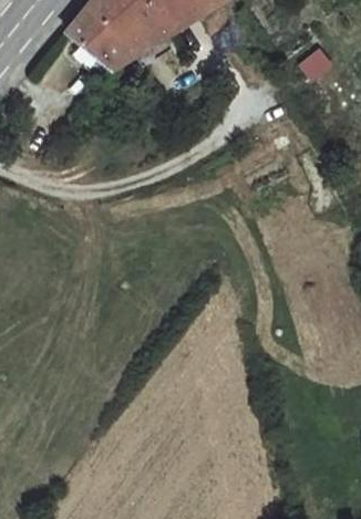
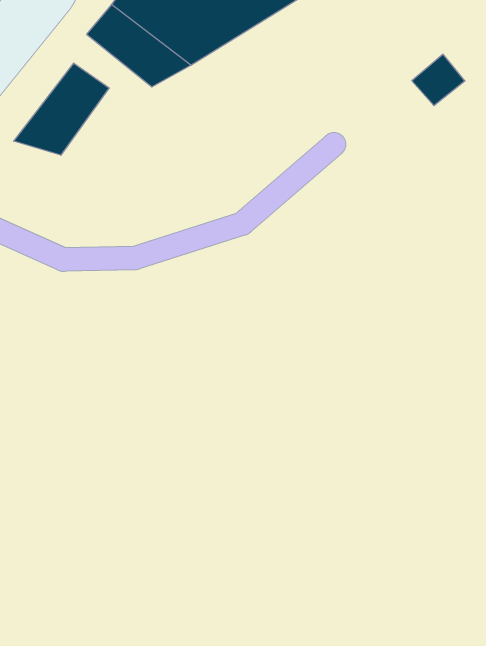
building: none -> [14,63,109,155]

